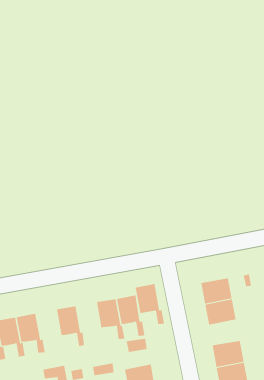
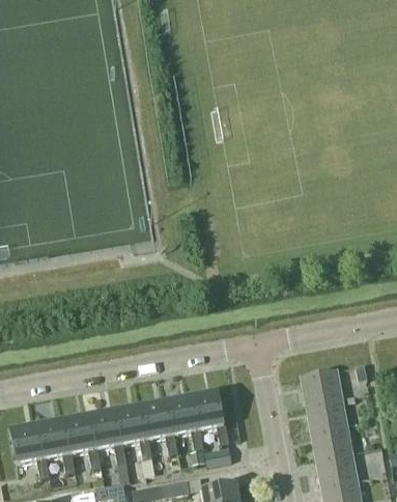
building: [135,284,165,325] -> [139,398,177,451]
building: none -> [87,408,125,461]
building: none -> [310,421,351,454]

